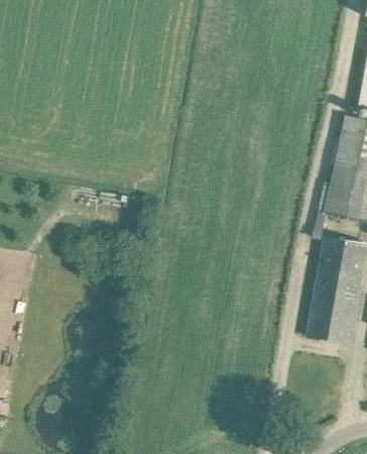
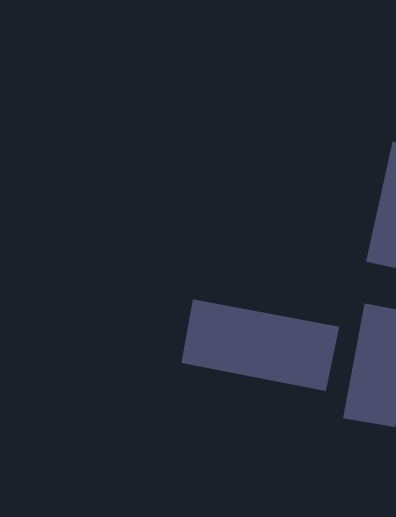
building: none -> [181,298,340,392]

